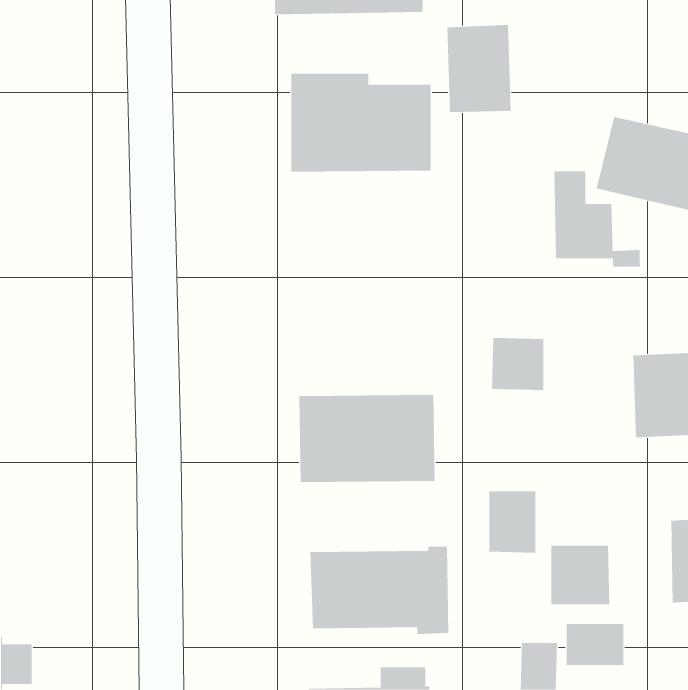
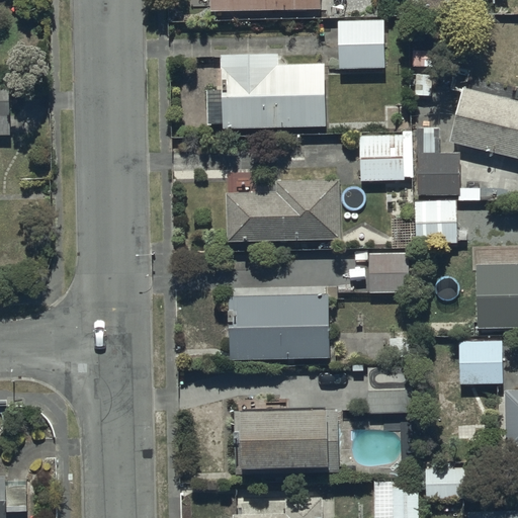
building: none -> [360,135,414,180]
building: none -> [226,177,341,242]
building: none -> [416,201,459,243]
building: [550,545,610,605] -> [459,338,504,382]

